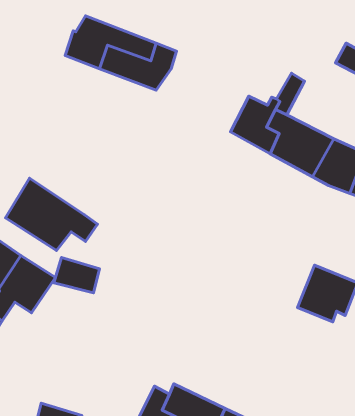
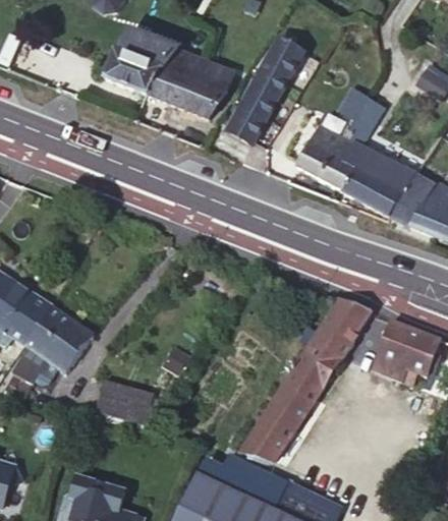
building: none -> [226,35,302,141]
building: [5,178,97,251] -> none
building: none -> [242,298,375,459]
building: [54,257,100,293] -> [96,382,149,422]

